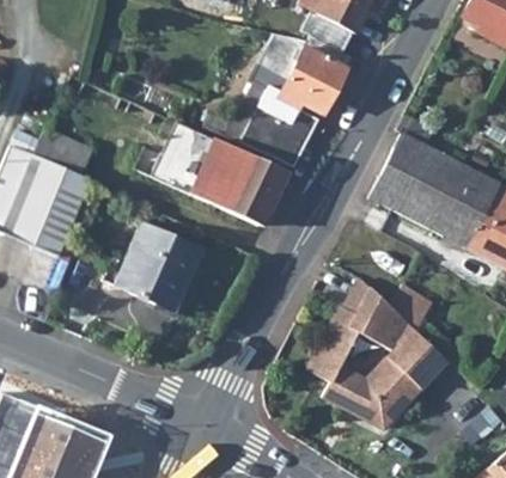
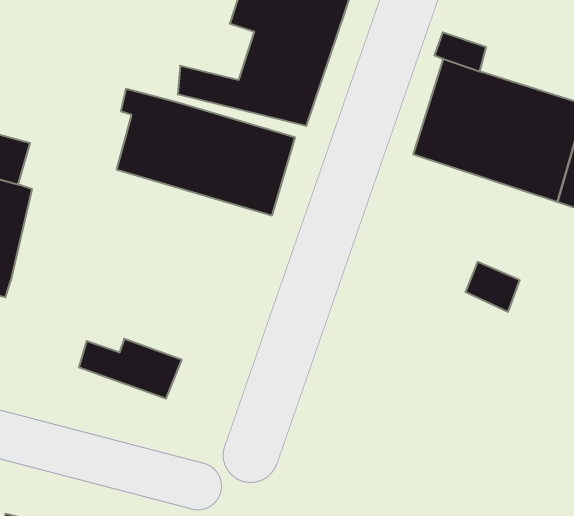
building: [104,225,203,312] -> none
building: [307,276,449,425] -> none

